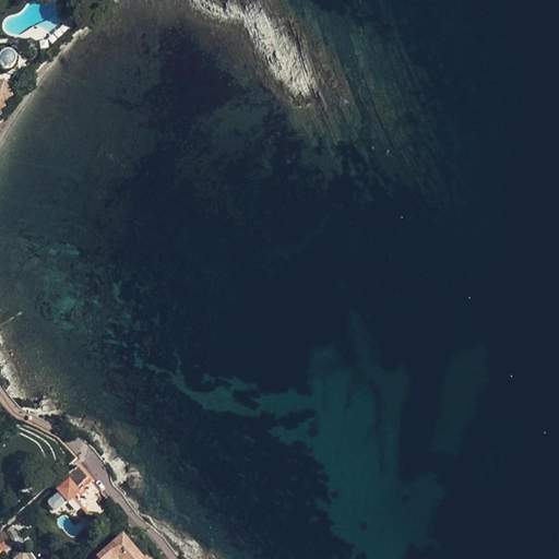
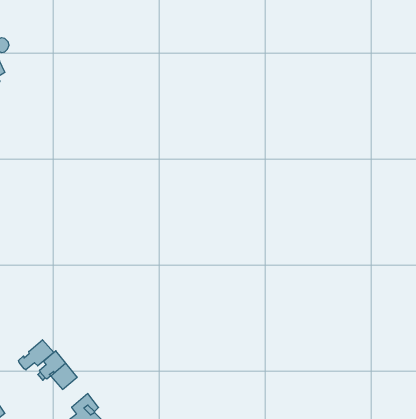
building: none -> [19,340,54,370]

